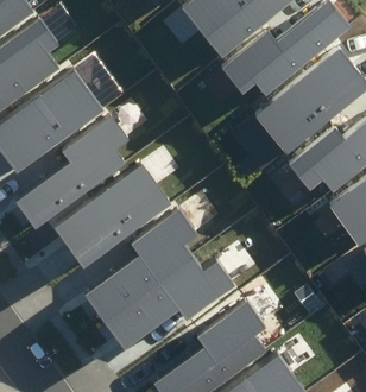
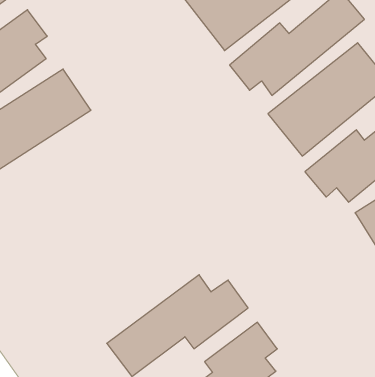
building: [20,114,128,222] -> none
building: [55,166,162,257] -> none
building: [88,208,196,321] -> none

